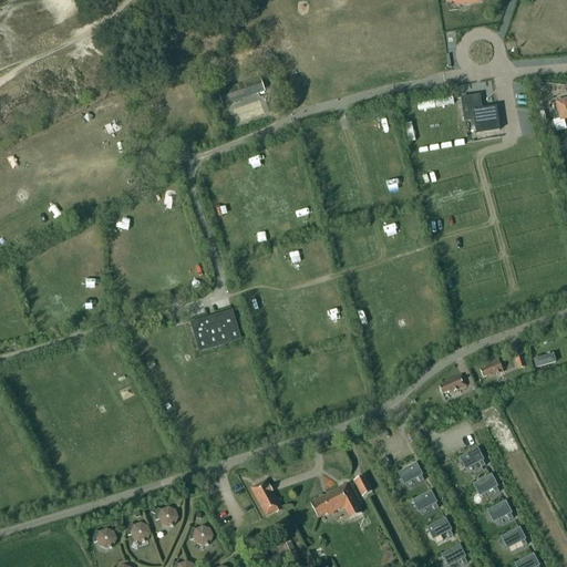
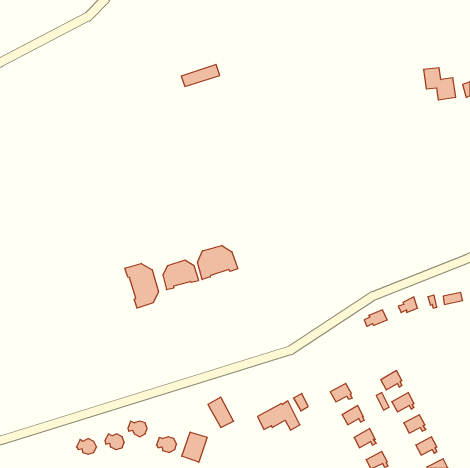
building: [461,94,499,133] -> [423,68,456,100]
building: none -> [197,245,238,280]
building: none -> [125,263,159,308]
building: none -> [182,432,207,462]

